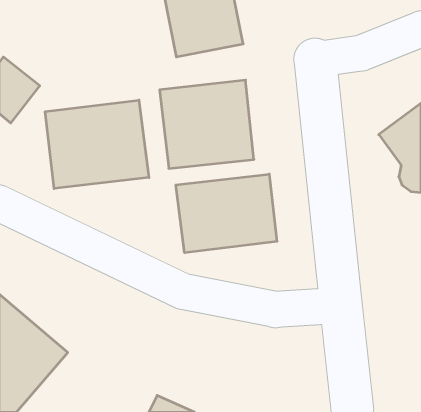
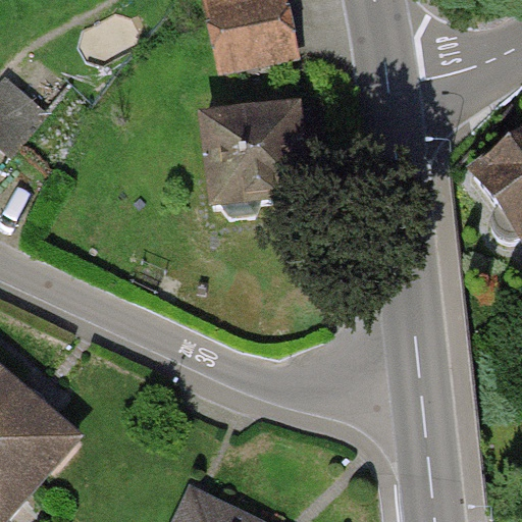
building: [45,100,149,189] -> none
building: [176,174,277,253] -> none

